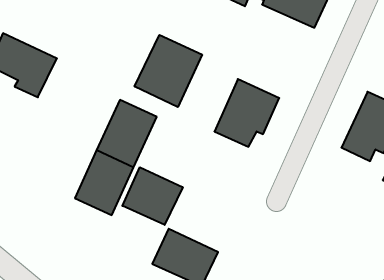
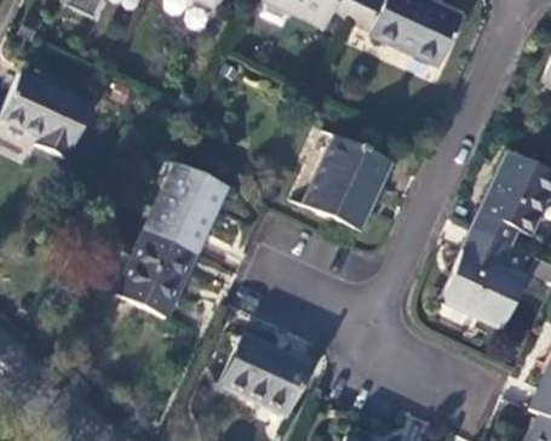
building: [135,35,202,107] -> none
building: none -> [441,228,524,328]
building: [122,167,183,225] -> none

